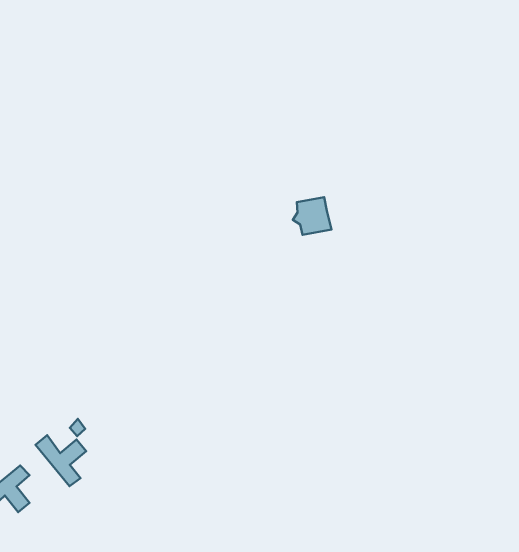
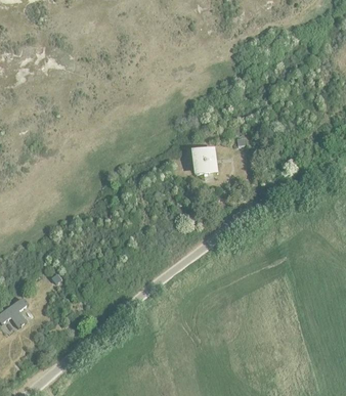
building: [36,435,86,486] -> none

